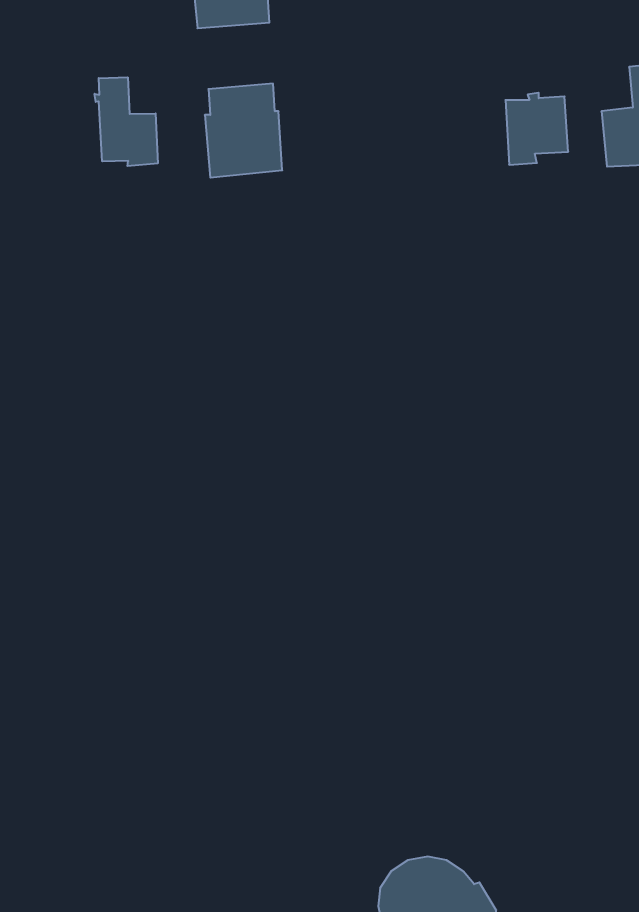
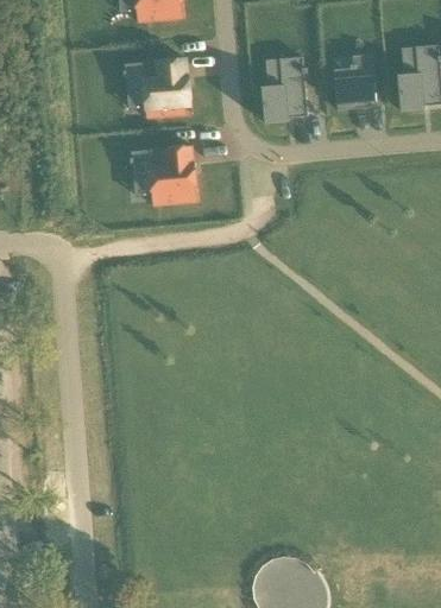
building: [95,77,158,166] -> none
building: none -> [260,57,307,124]
building: none -> [147,146,196,205]

